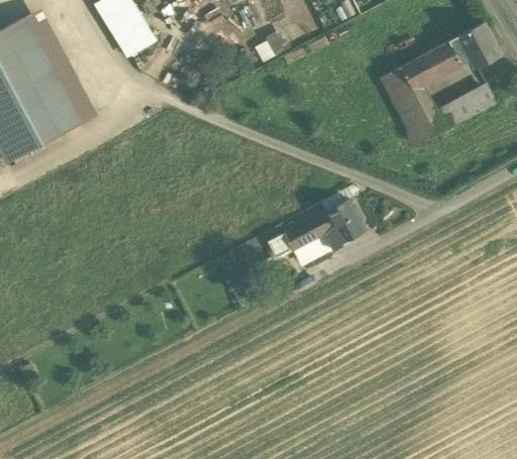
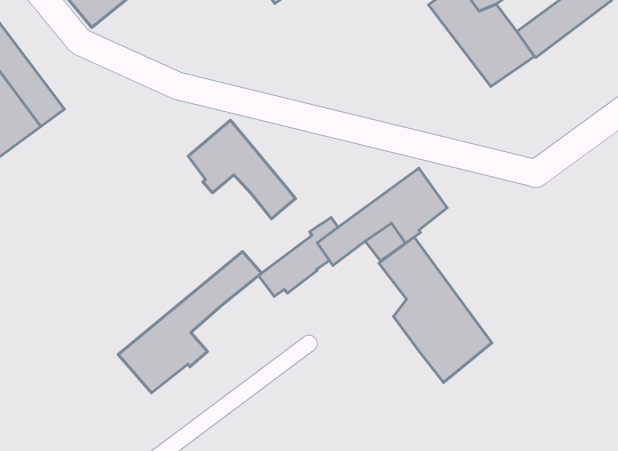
building: none -> [188,120,295,219]
building: none -> [118,251,261,393]
building: none -> [379,237,492,382]

